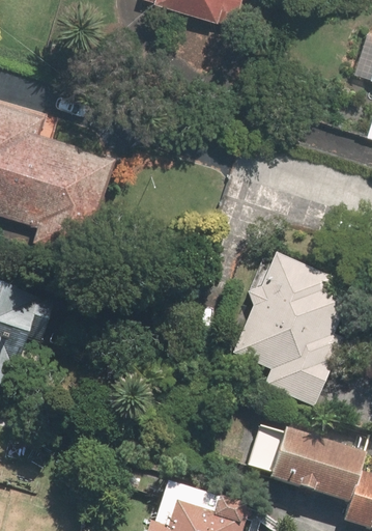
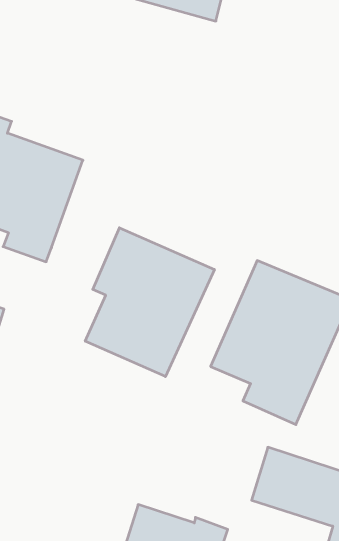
building: none -> [85,228,214,377]

